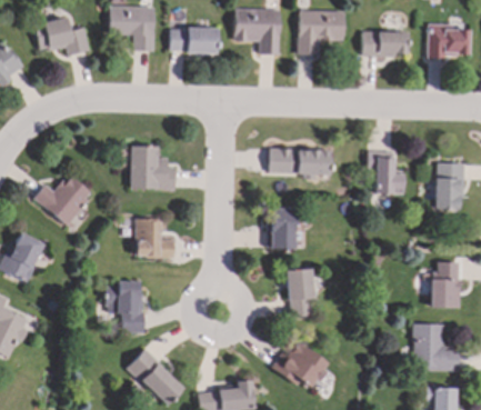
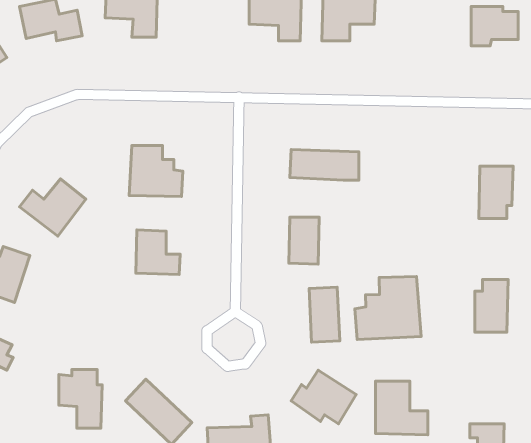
building: [170,28,217,53] -> none
building: [362,31,408,57] -> none
building: [368,151,403,194] -> none
building: none -> [355,277,421,339]
building: [107,281,144,332] -> [59,369,102,428]
building: [413,324,459,371] -> [375,381,428,435]

